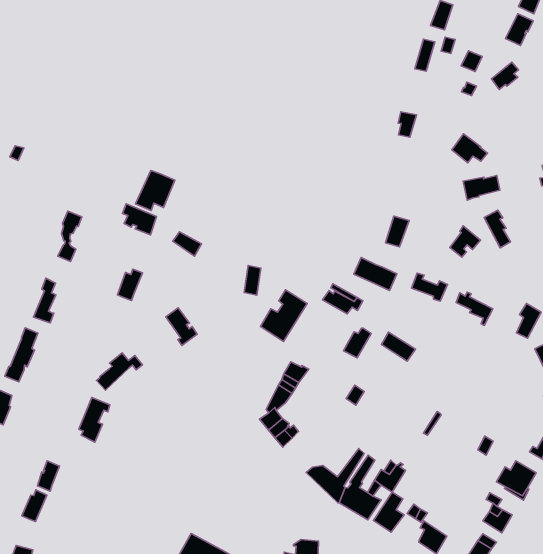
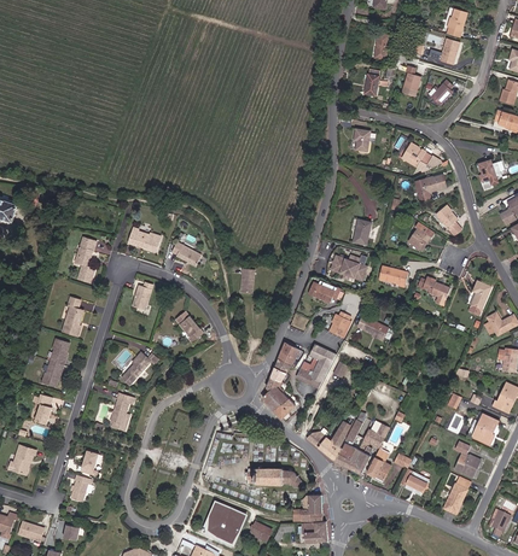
building: [136,170,175,210] -> none
building: [260,290,307,342] -> [296,345,333,388]
building: none -> [246,467,301,488]

